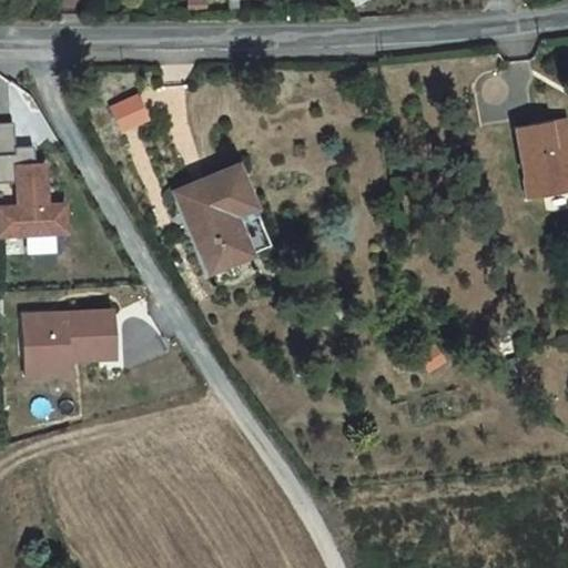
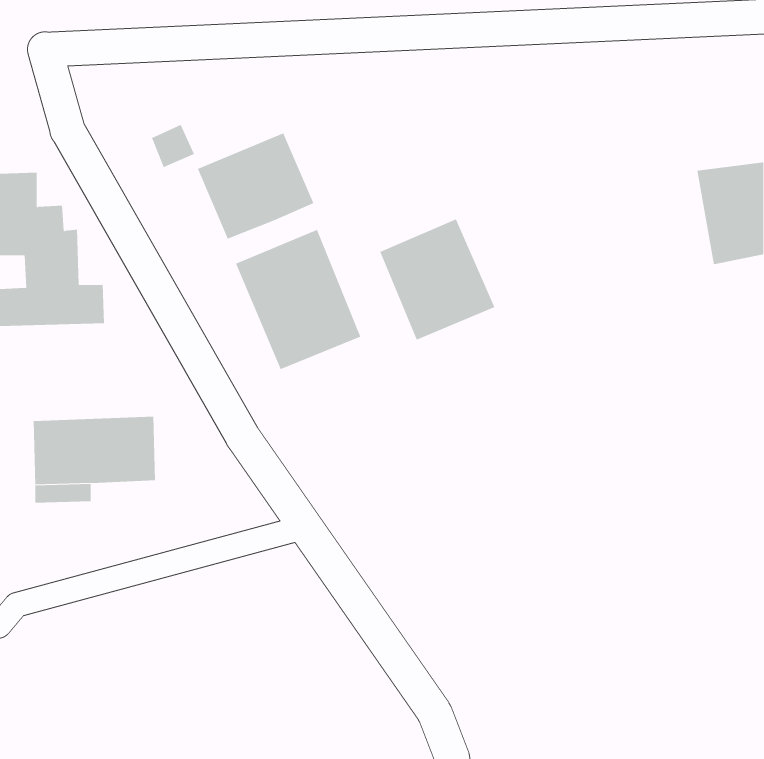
building: none -> [197,132,314,240]
building: none -> [380,219,495,340]

